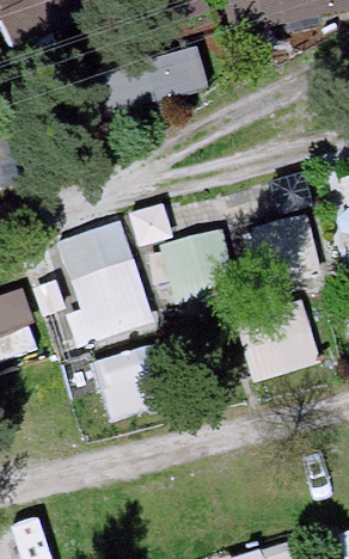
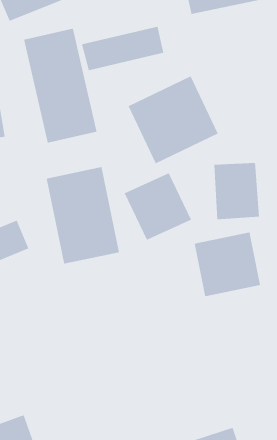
building: none -> [24,28,97,143]
building: none -> [128,76,219,164]

